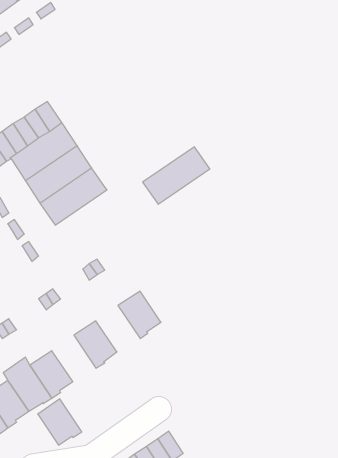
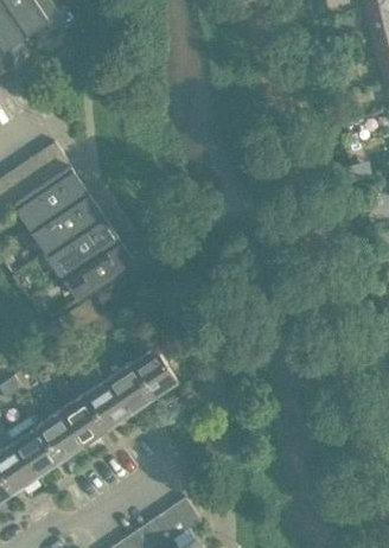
building: [143,147,210,204] -> [64,237,136,299]
building: none -> [108,362,155,412]
building: [38,399,82,445] -> [60,394,108,444]

